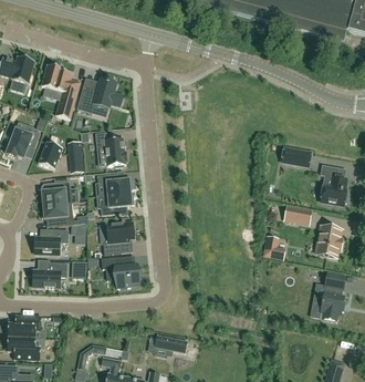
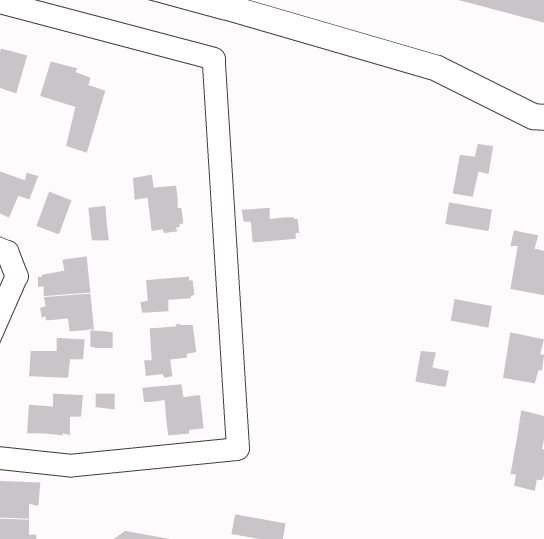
building: [77,79,122,112] -> none
building: none -> [452,143,494,198]
building: [97,173,133,194] -> [241,207,300,243]

